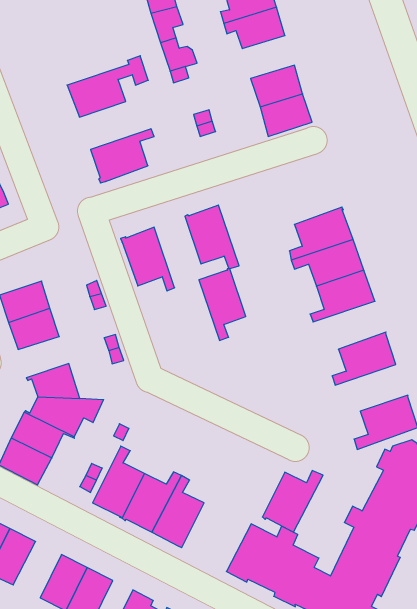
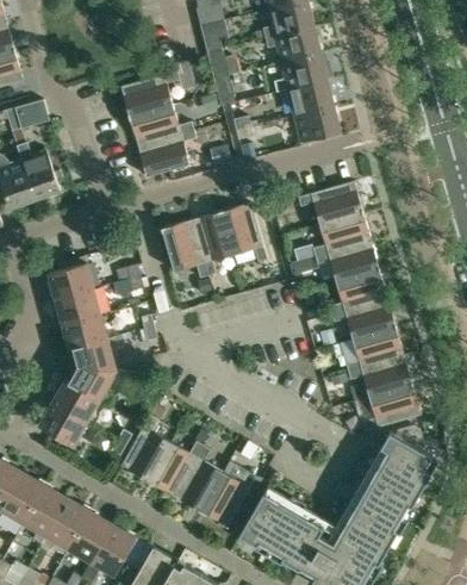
building: none -> [274,52,326,92]
building: none -> [129,104,193,145]
building: none -> [297,180,362,224]
building: [199,269,246,340] -> [191,211,231,275]
building: none -> [330,298,396,340]
building: none -> [61,313,106,349]
building: none -> [347,356,412,397]
building: [262,471,323,532] -> [199,472,256,527]
building: none -> [44,498,89,549]

